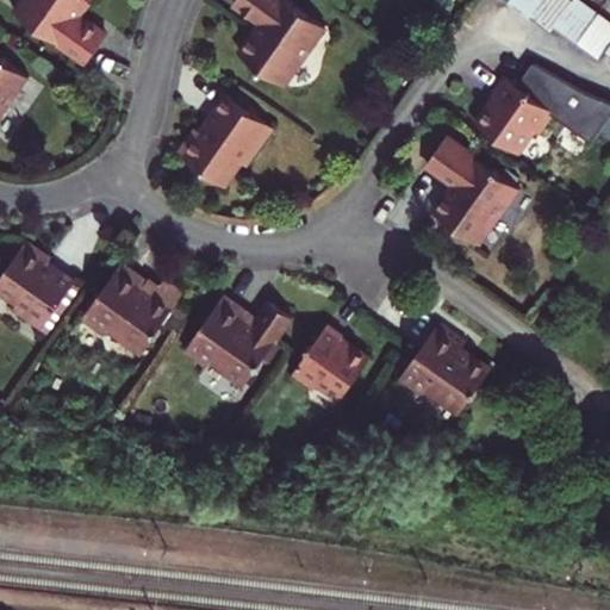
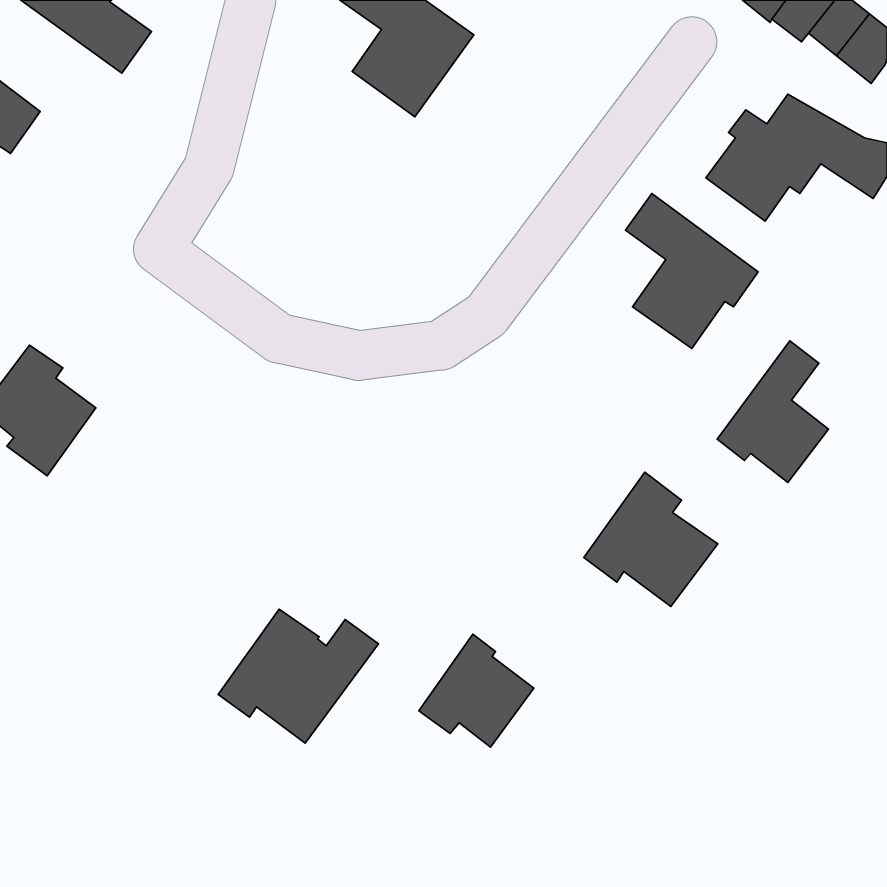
building: [174,99,272,189] -> none
building: none -> [717,341,829,482]
building: [76,263,181,355] -> none
building: [176,300,286,392] -> [218,609,378,743]
building: [290,324,368,402] -> [419,634,534,747]

